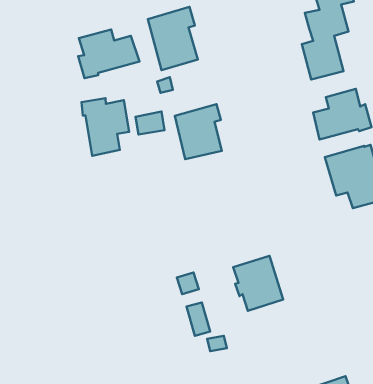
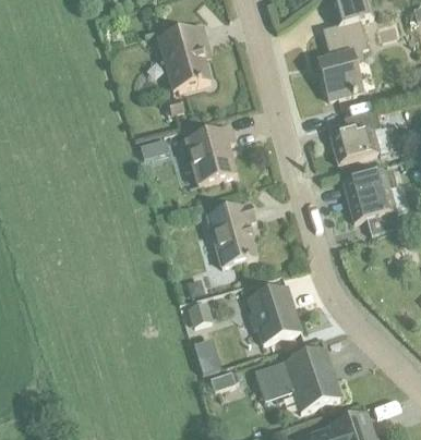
building: [78,29,139,78] -> none
building: [82,98,129,156] -> none
building: none -> [206,201,256,266]
building: none -> [253,346,338,411]

